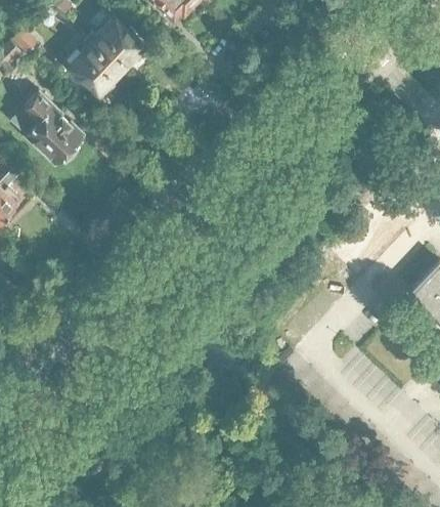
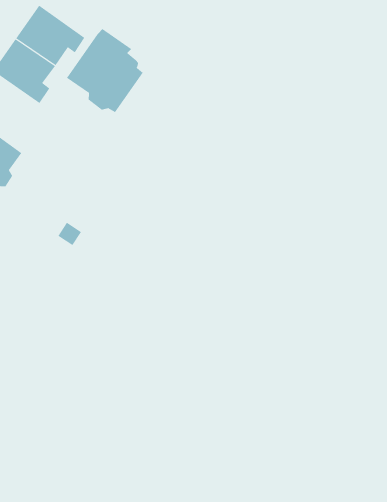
building: none -> [66,28,143,113]

